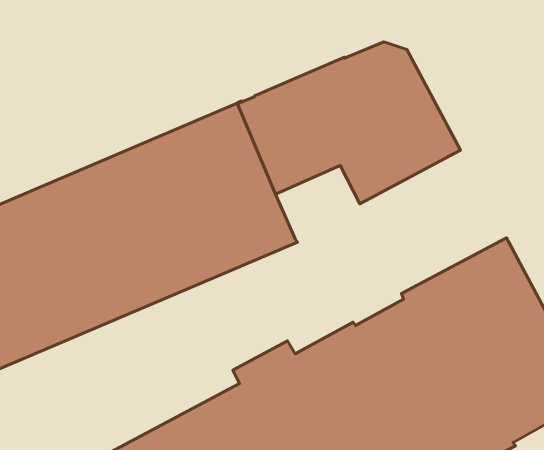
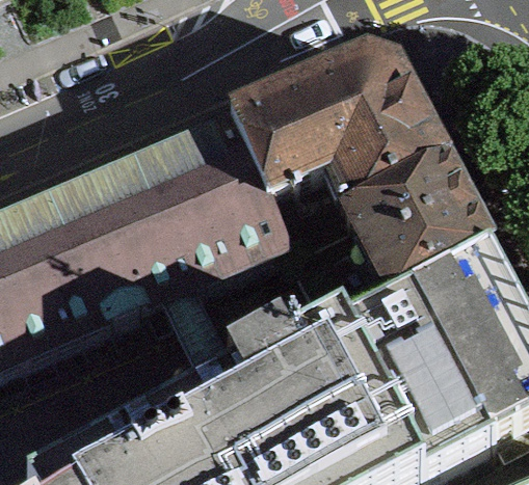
building: none -> [284,159,484,325]

